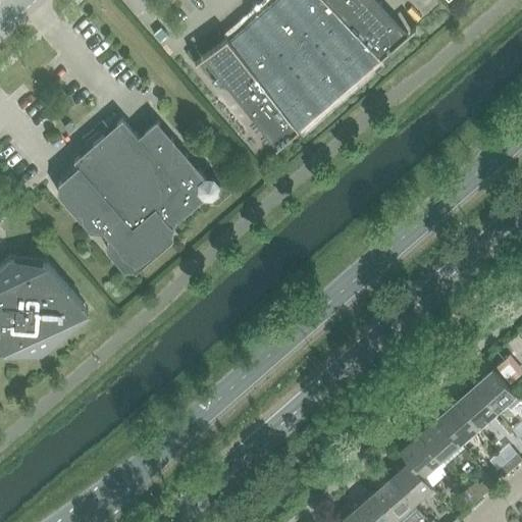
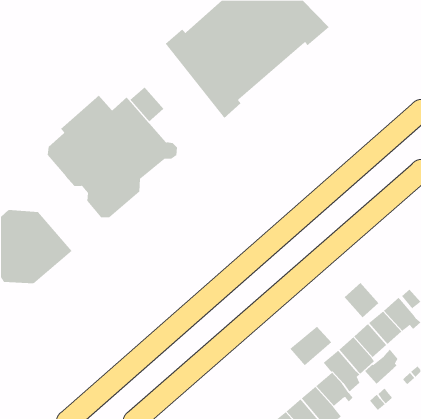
building: none -> [130,86,164,122]
building: none -> [344,282,379,318]
building: none -> [290,326,332,366]
building: none -> [364,349,398,384]

